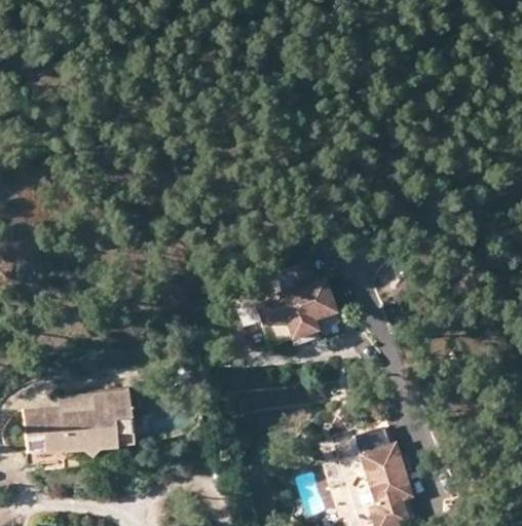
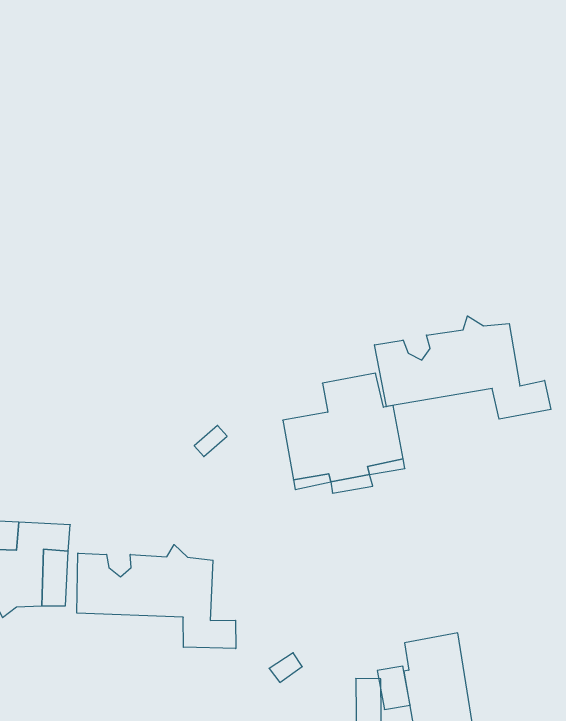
building: none -> [375,316,551,419]
building: none -> [77,545,236,649]

